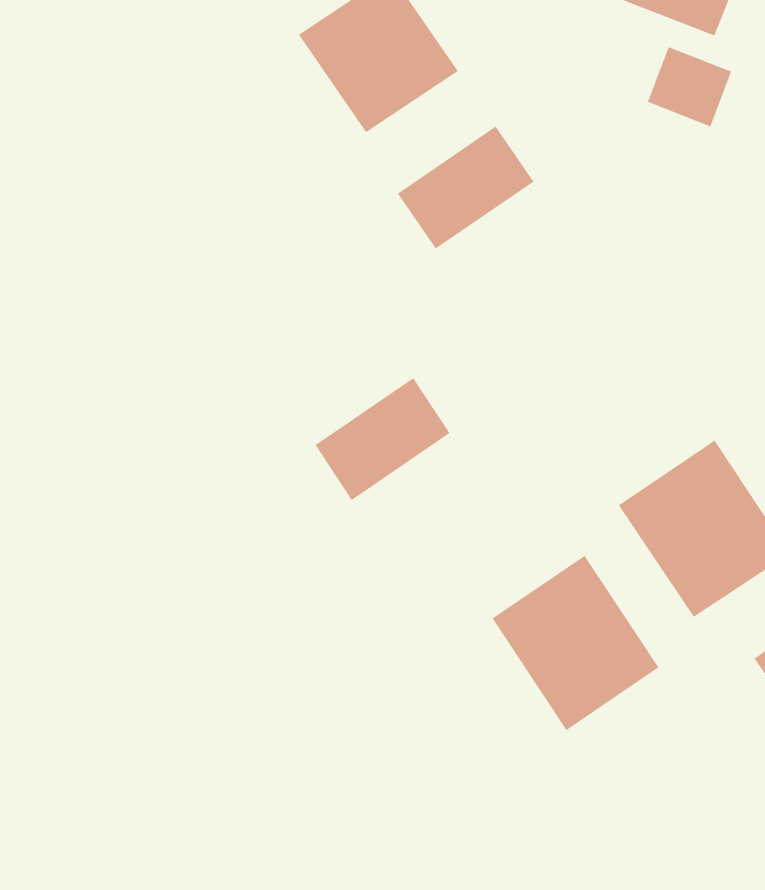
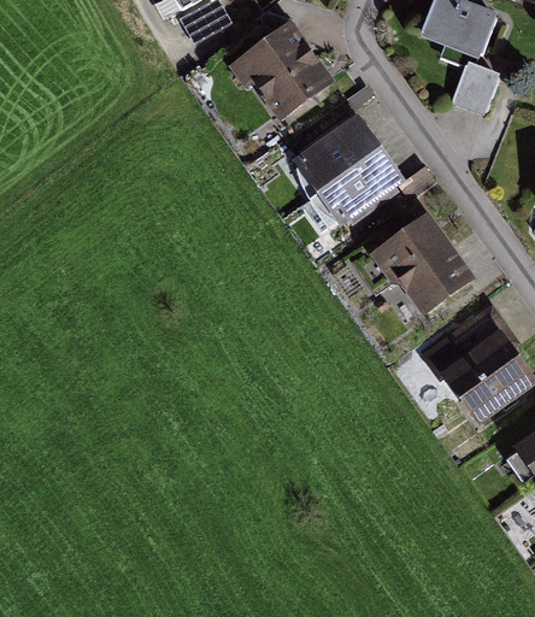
building: none -> [382,222,471,315]
building: [315,377,450,501] -> [317,151,401,228]
building: [492,555,659,731] -> none

